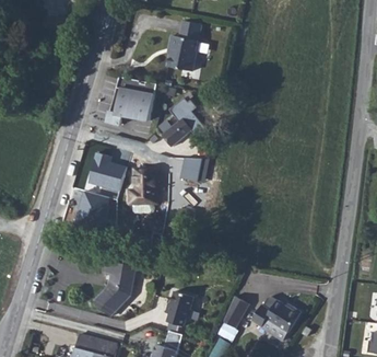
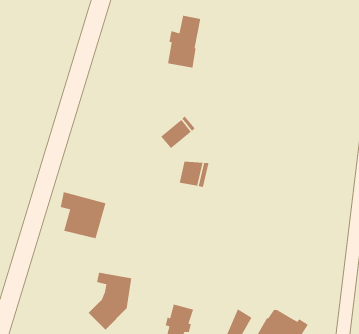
building: [109,77,154,119] -> none
building: [84,151,123,193] -> none
building: [129,169,156,212] -> none

